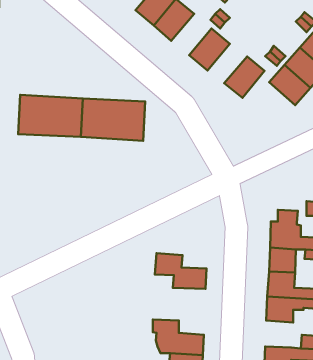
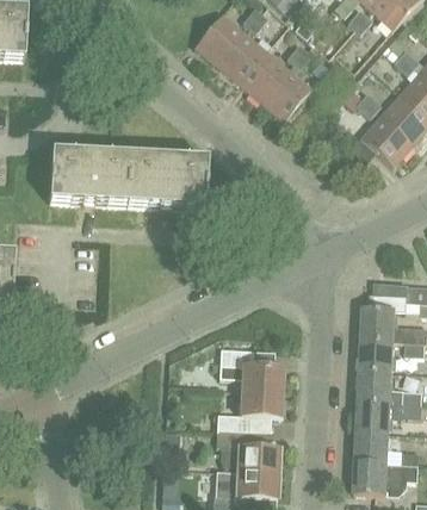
building: [224,56,265,98] -> [239,52,289,104]
building: none -> [216,392,281,433]
building: none -> [355,433,390,466]

